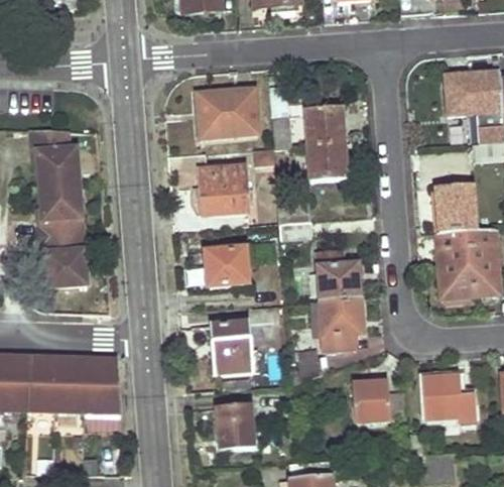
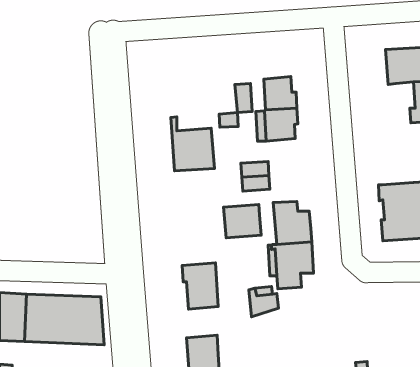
building: [198,91,259,137] -> none
building: [25,127,74,284] -> none
building: [437,182,478,231] -> none
building: [206,248,249,286] -> [224,204,261,238]
building: [423,377,475,421] -> none
building: [353,382,406,421] -> none

